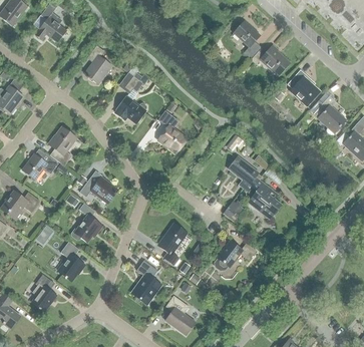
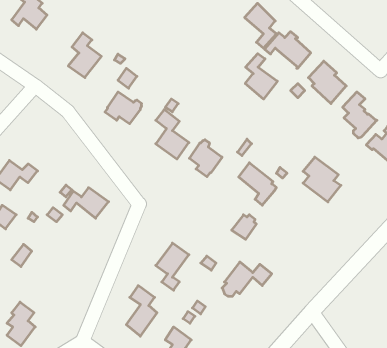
building: none -> [245,54,277,99]
building: [49,126,76,165] -> none
building: none -> [189,140,222,177]
building: [249,180,281,218] -> [303,157,341,202]
building: [71,203,102,241] -> none
building: [58,241,85,280] -> none

